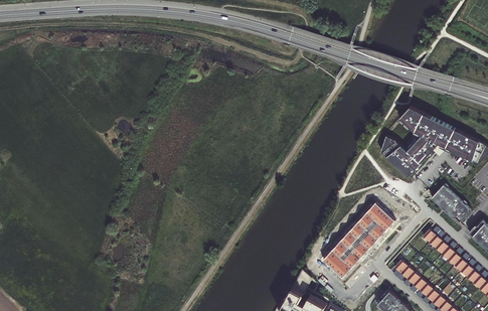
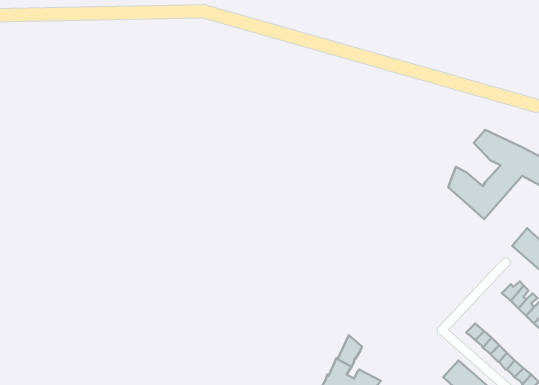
building: [324,203,394,278] -> none

